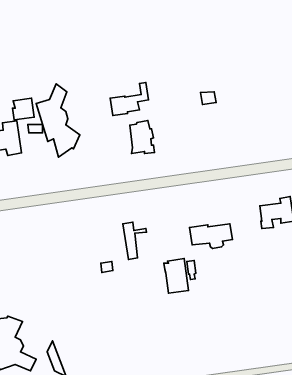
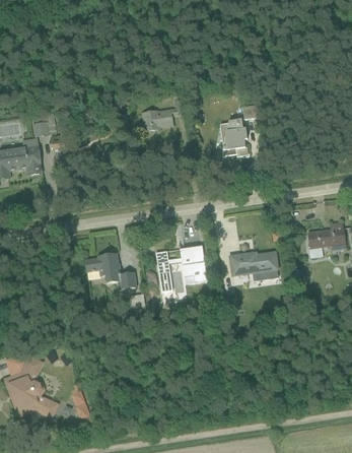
building: [36,84,80,157] -> none
building: [130,121,154,153] -> [220,120,248,156]
building: none -> [84,254,137,290]
building: [164,258,189,293] -> [180,246,207,284]

